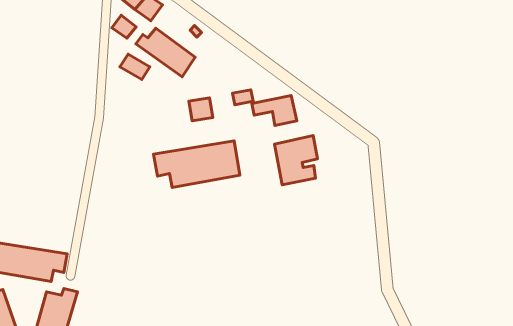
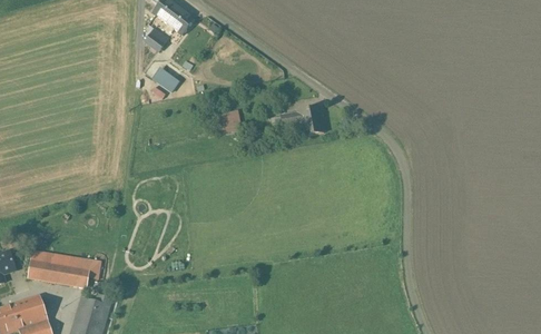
building: [136,28,195,77] -> none
building: [275,135,317,185] -> none
building: [153,141,240,187] -> none

